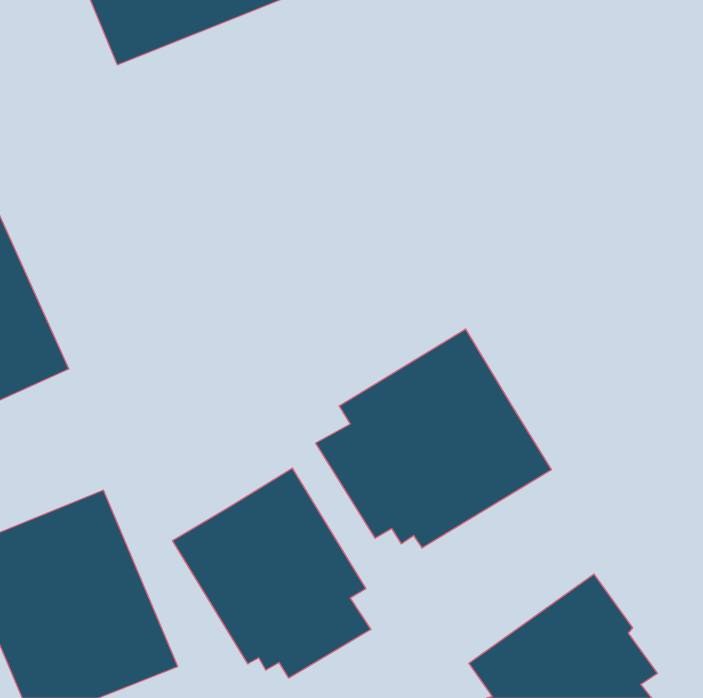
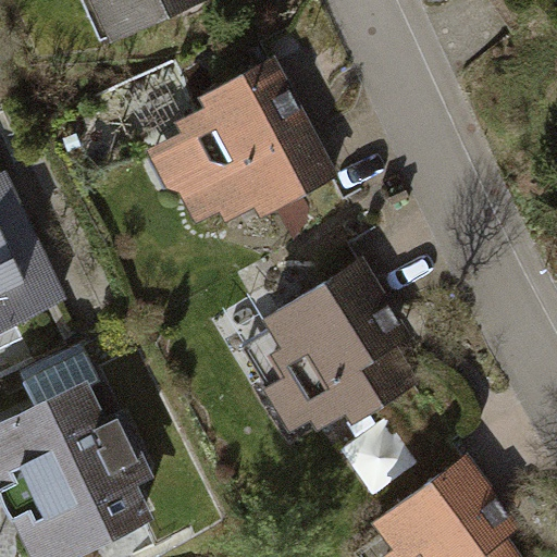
building: none -> [150,58,339,221]
building: [173,468,371,678] -> none

